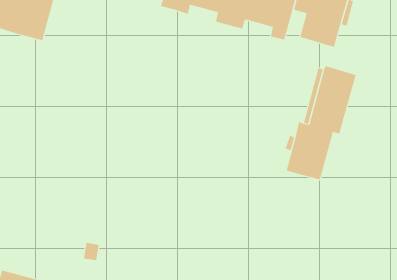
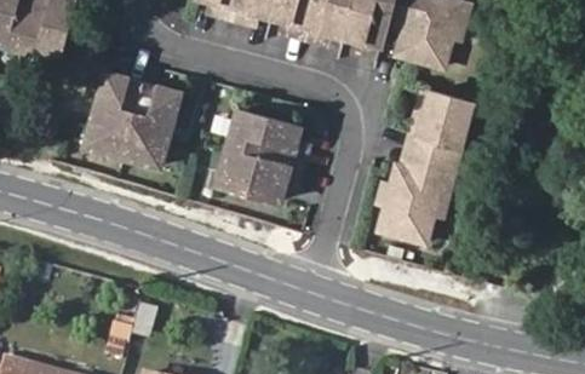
building: none -> [86,69,180,163]
building: none -> [218,107,308,197]

